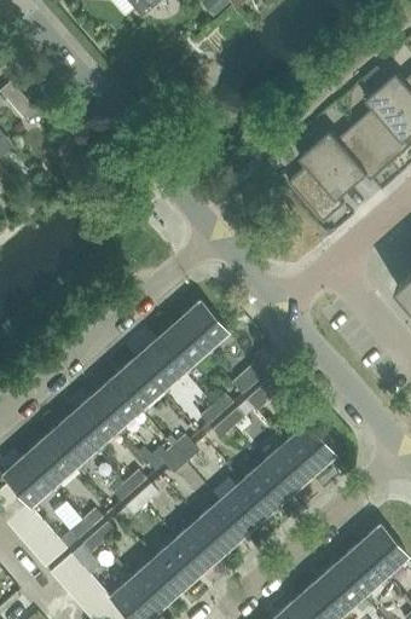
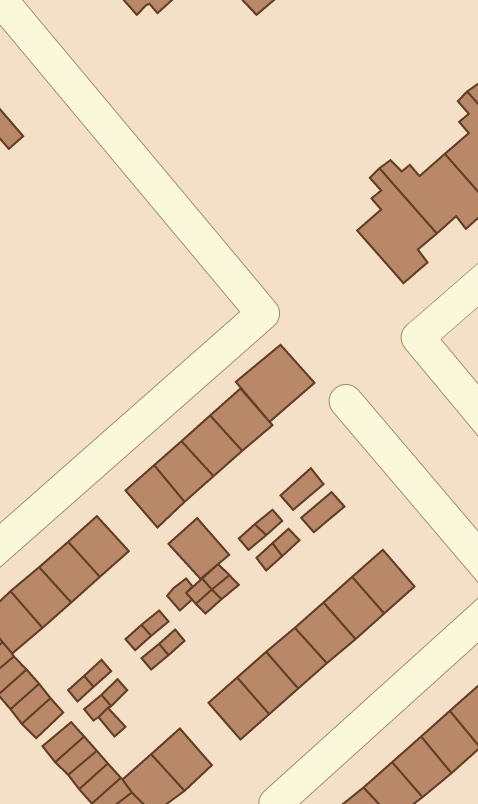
building: none -> [236,345,315,422]
building: [92,380,138,426] -> [168,518,229,579]
building: [155,540,201,588] -> none

